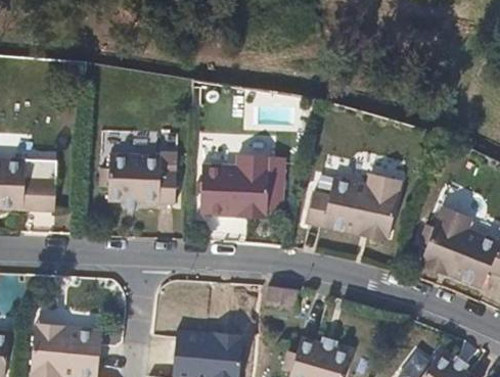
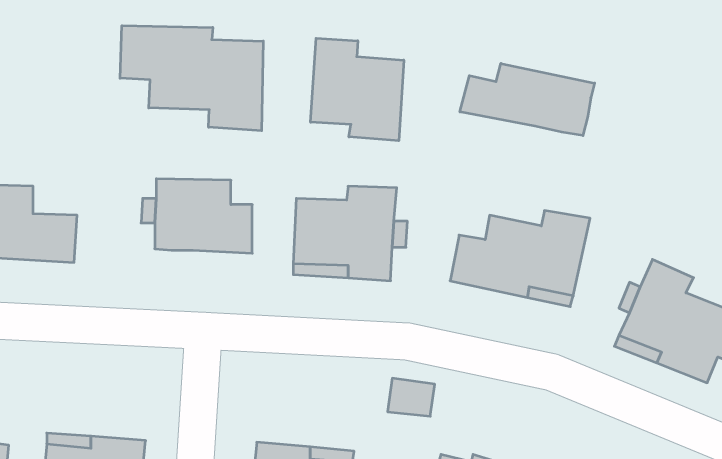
building: none -> [120,26,263,131]
building: none -> [311,38,404,141]
building: none -> [460,63,595,136]

